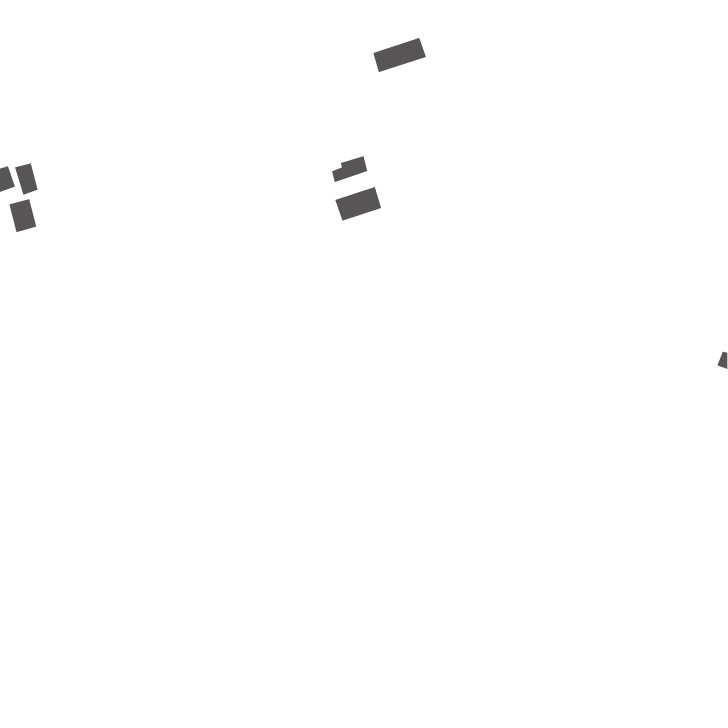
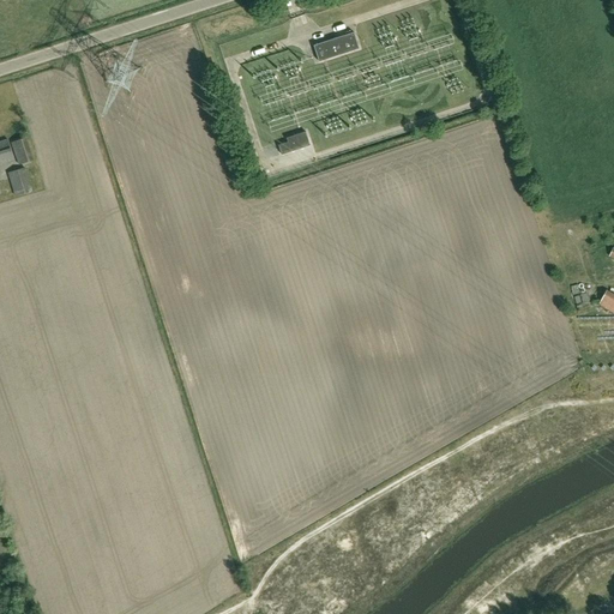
building: [334,186,382,221] -> none

